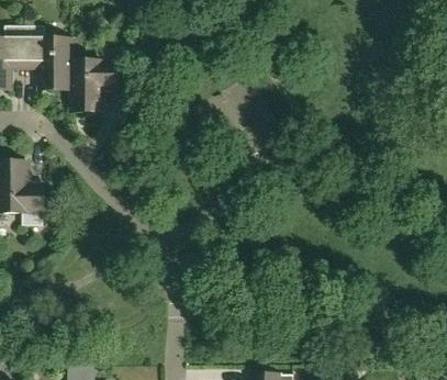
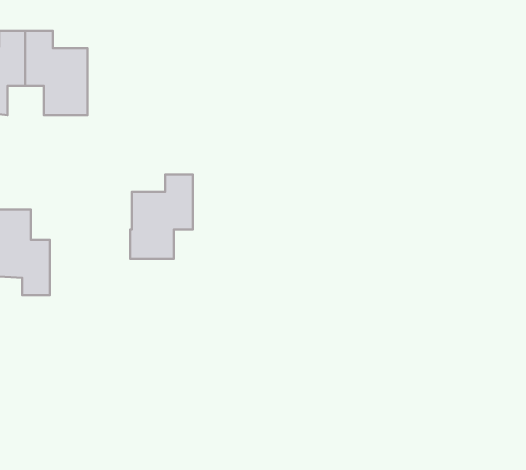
building: [70,48,118,112] -> [130,174,193,259]

